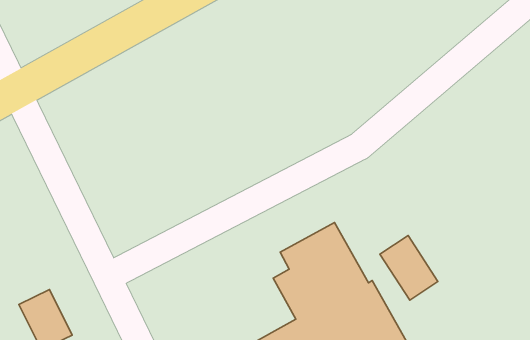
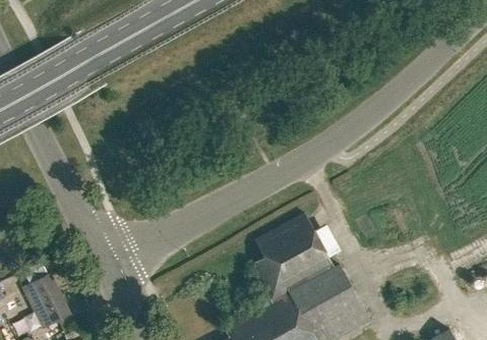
building: [380,235,438,300] -> none

